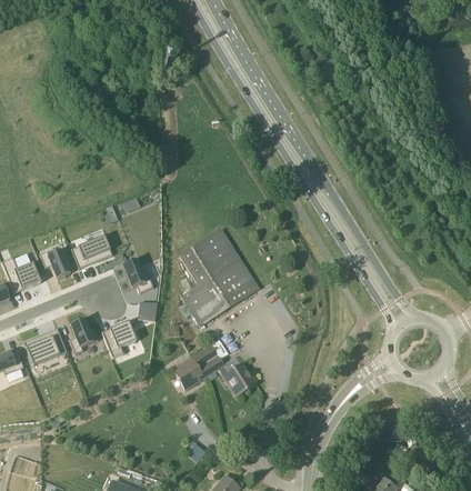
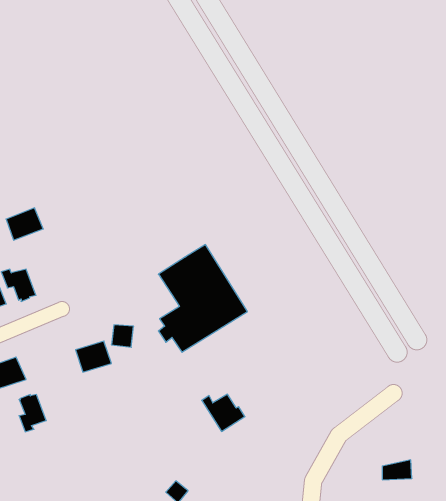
building: [78,238,111,267] -> [6,208,43,240]
building: [123,255,153,289] -> none
building: [72,323,97,357] -> [19,395,46,432]
building: [171,343,224,390] -> none

